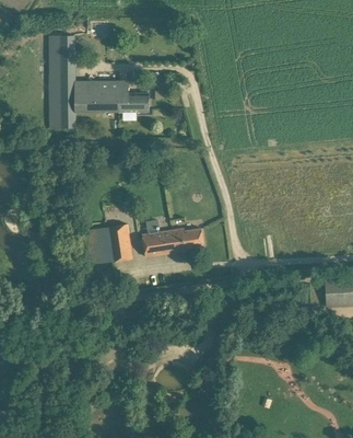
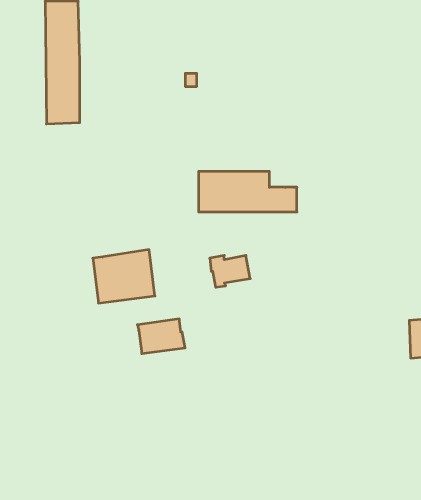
building: [74,81,149,112] -> [199,171,297,212]
building: [141,230,177,256] -> [137,319,185,354]

